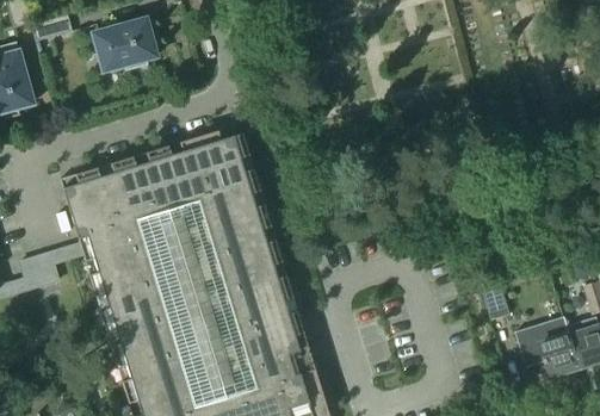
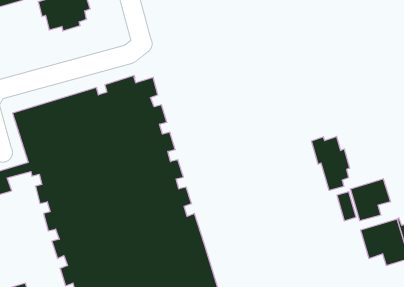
building: none -> [312,136,350,190]
building: none -> [350,179,390,221]

